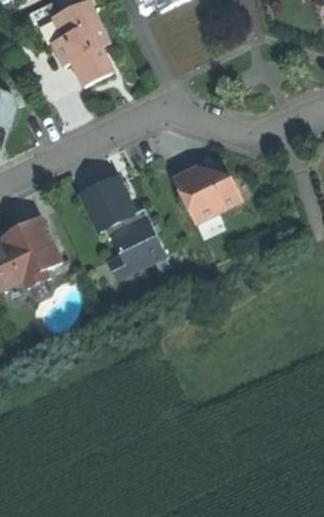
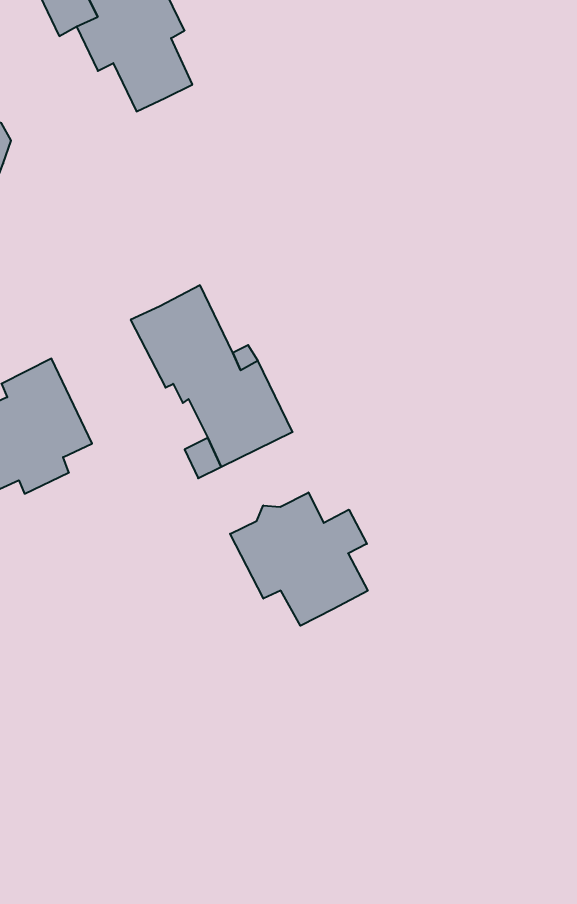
building: [174,168,241,223] -> none
building: none -> [230,492,368,626]

